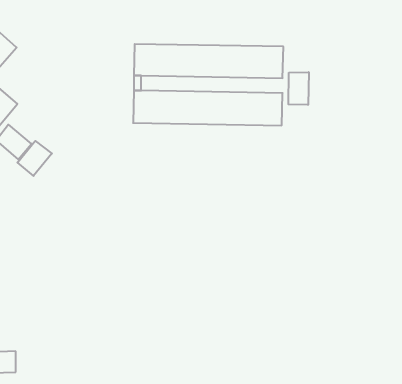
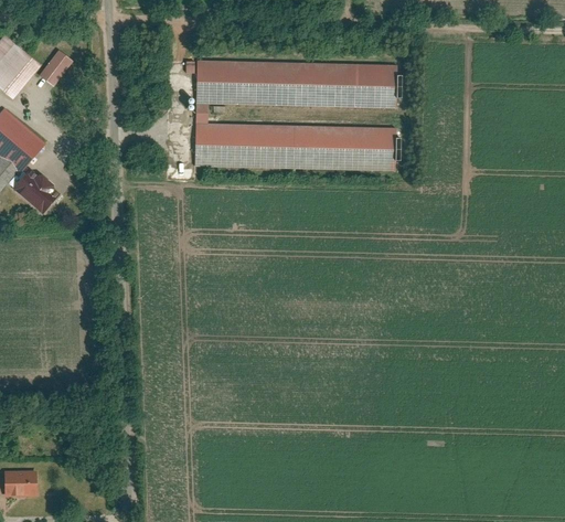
building: none -> [36,50,72,86]
building: [288,72,309,105] -> none
building: [17,141,52,176] -> none

